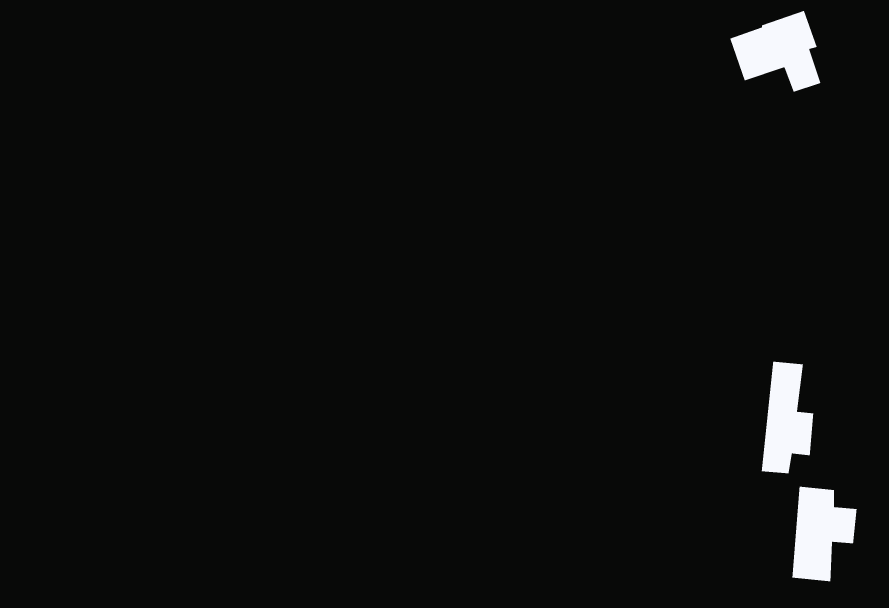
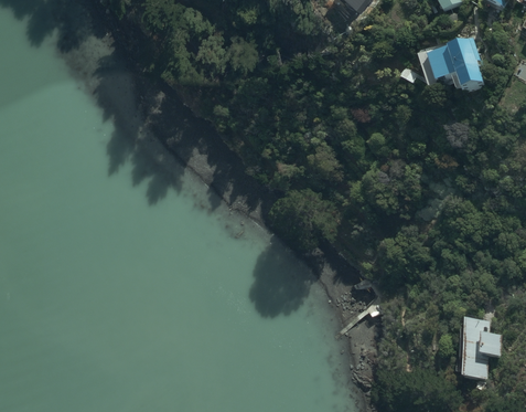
building: [761,361,814,474] -> none

